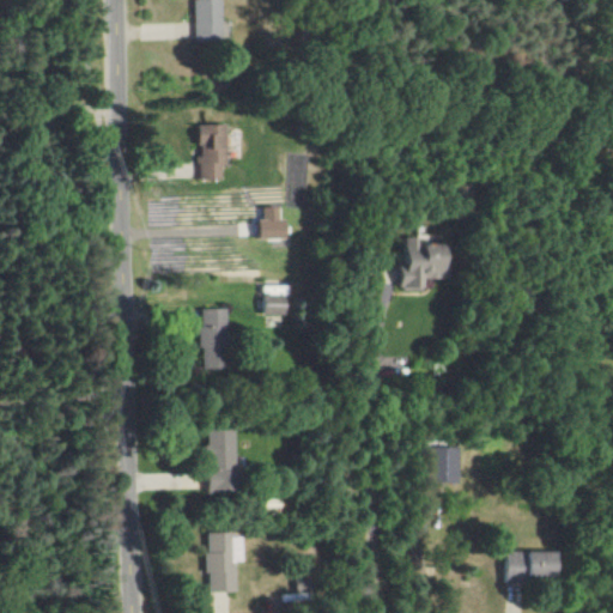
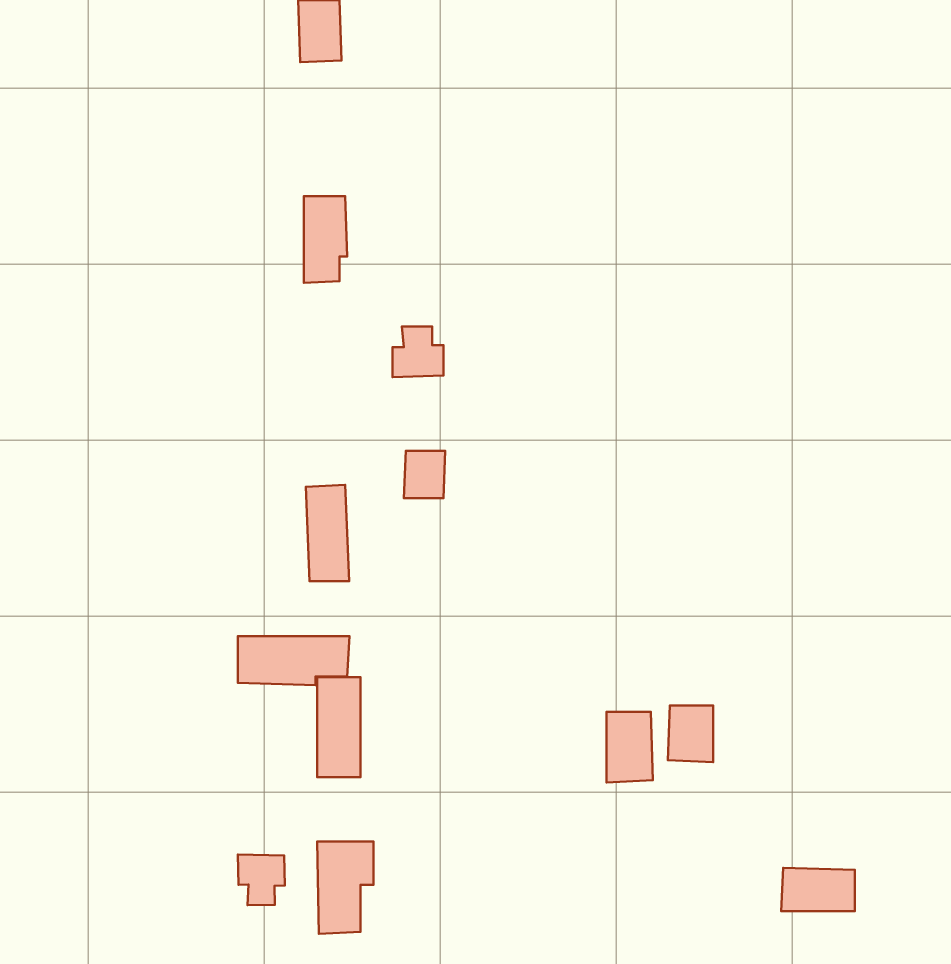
building: [400,237,443,291] -> none
building: none -> [238,636,350,685]
building: none -> [606,712,653,782]
building: none -> [238,855,285,905]

